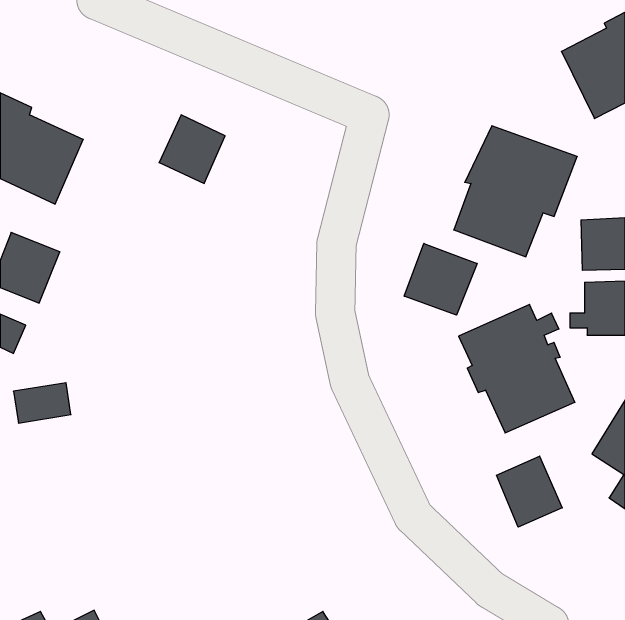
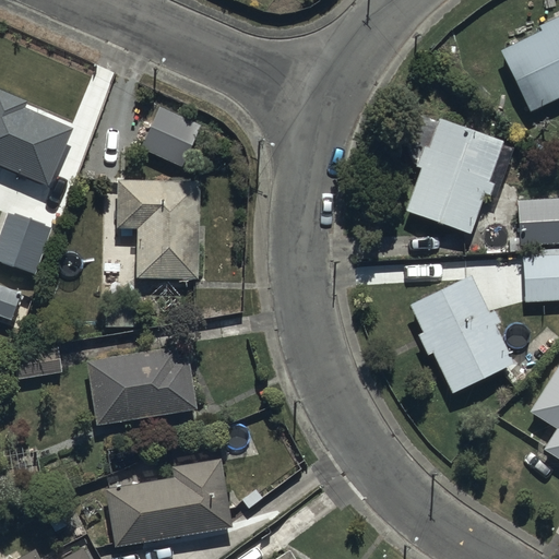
building: none -> [117,180,201,280]
building: [404,243,477,315] -> none
building: none -> [87,346,195,425]
building: [497,456,562,527] -> none
building: none -> [104,459,231,547]

